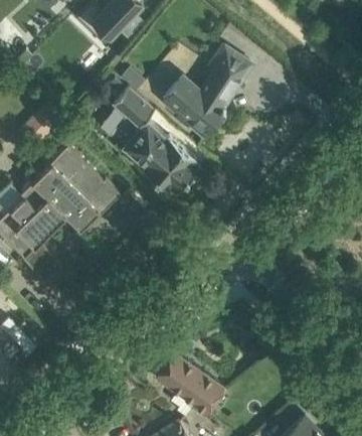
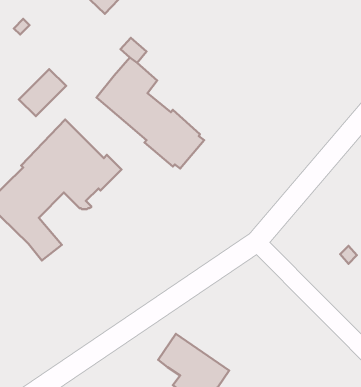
building: [162,45,251,134] -> none

